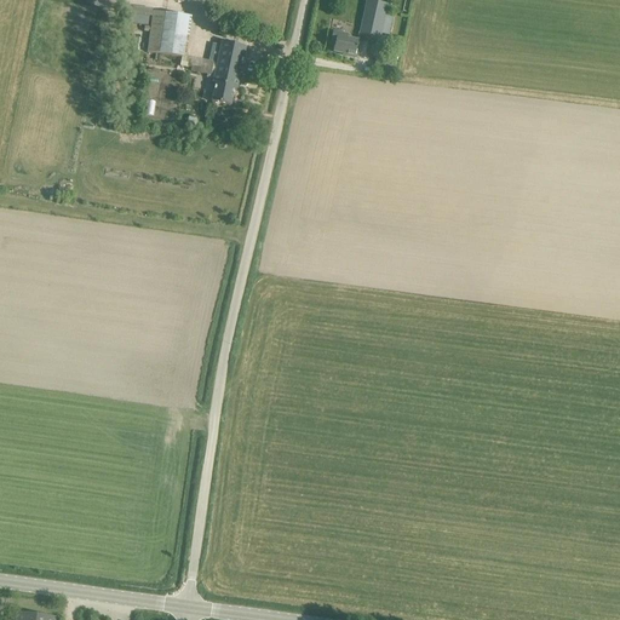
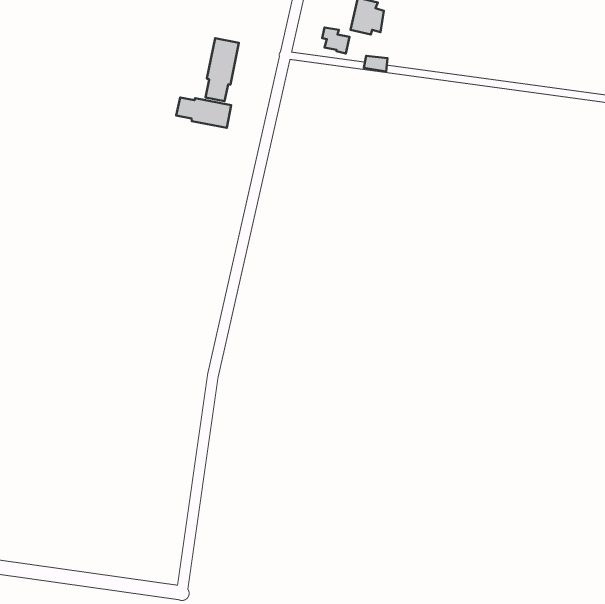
building: [144,8,188,53] -> none
building: none -> [176,97,231,128]

